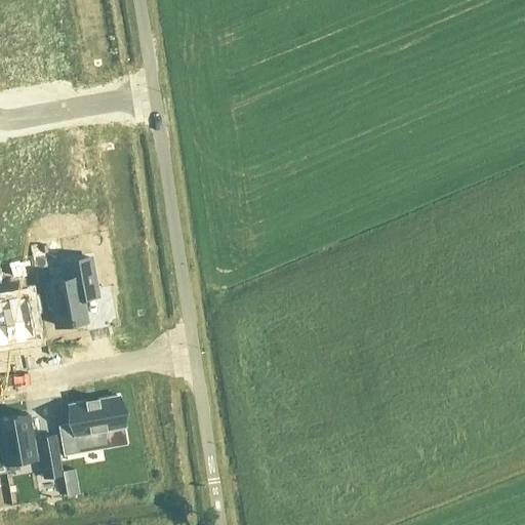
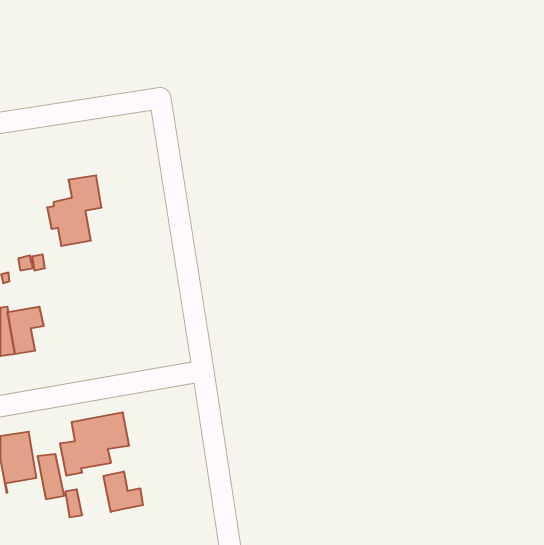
building: [45,259,97,327] -> [47,175,102,246]
building: none -> [103,471,143,512]

